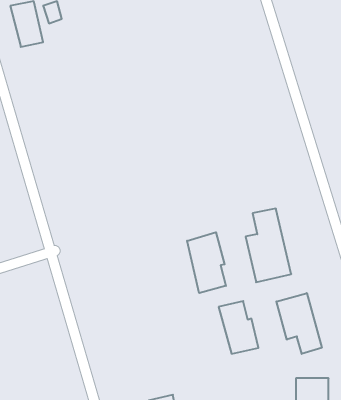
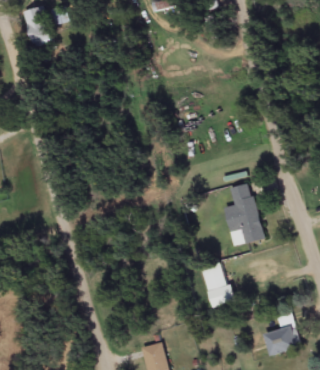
building: [187,232,226,293] -> none
building: [276,293,322,354] -> none

